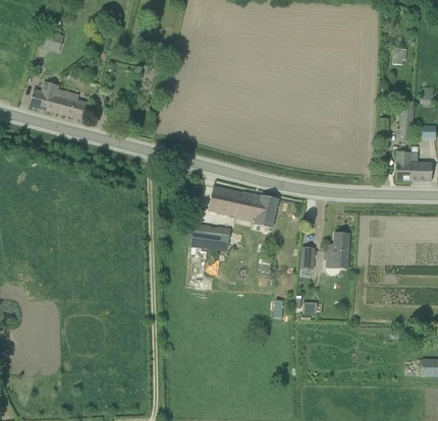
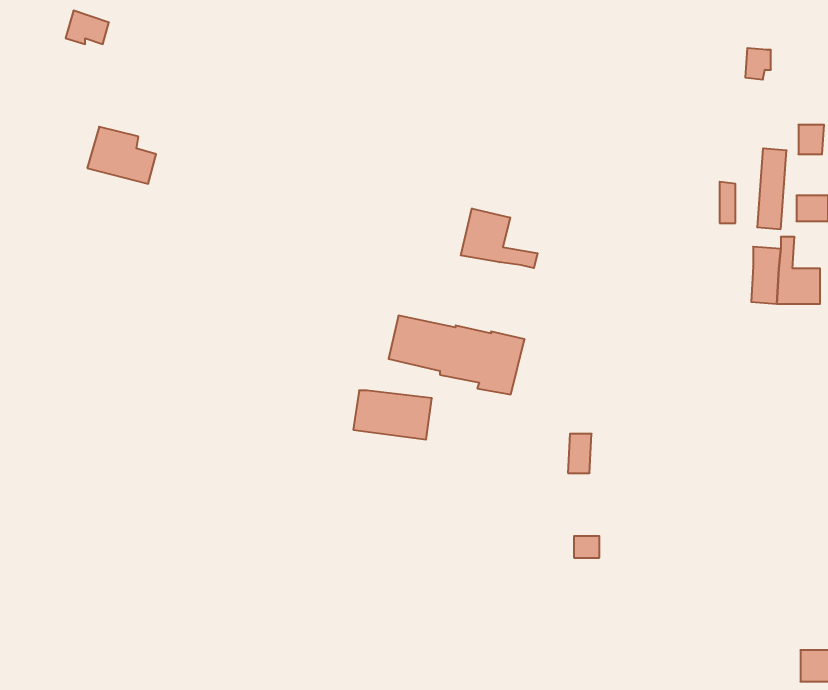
building: [30,80,59,110] -> none
building: none -> [461,208,537,268]
building: [332,232,348,268] -> none

